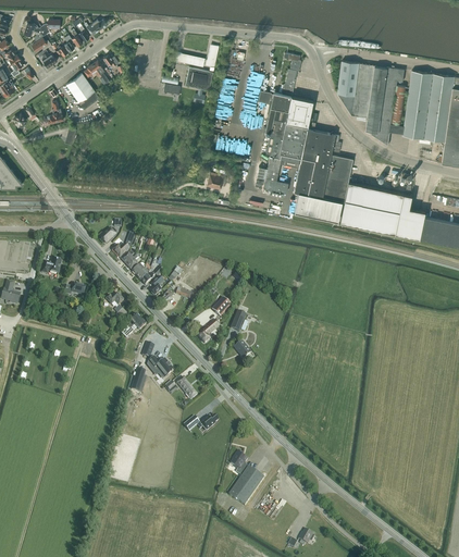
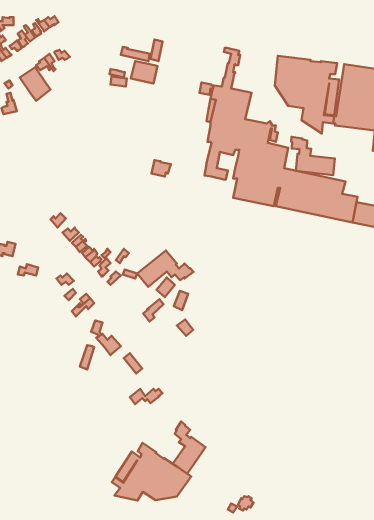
building: none -> [291,137,335,175]
building: none -> [137,250,193,287]
building: none -> [112,443,191,500]

